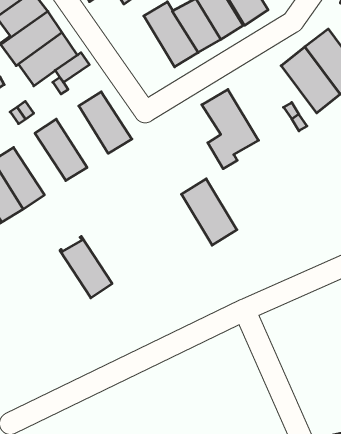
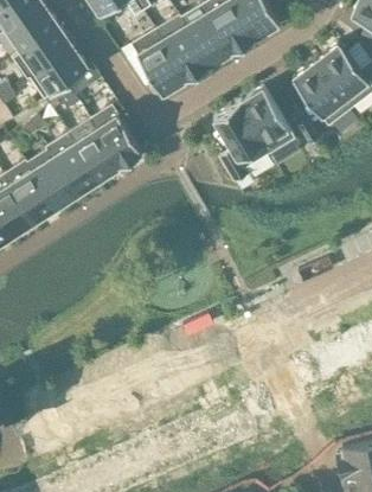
building: none -> [130,28,185,95]
building: none -> [66,119,118,180]
building: [181,179,237,245] -> [238,87,294,153]
building: [60,236,112,298] -> [24,146,76,207]

